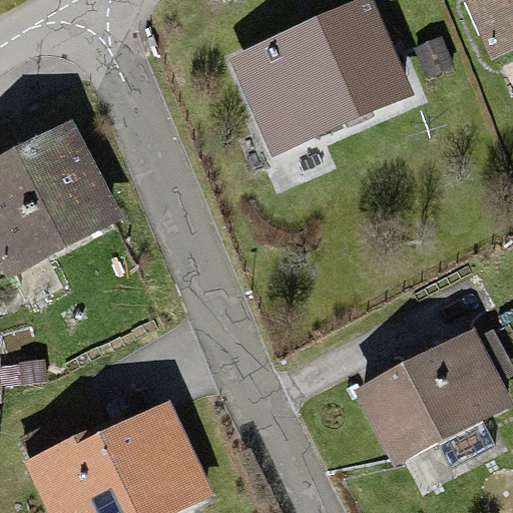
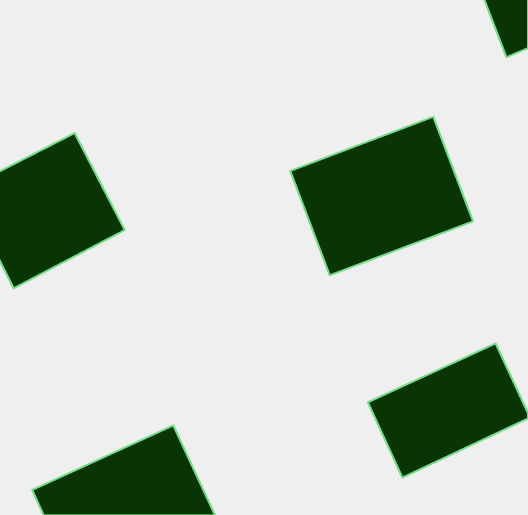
building: [234,5,411,157] -> [290,117,473,275]

